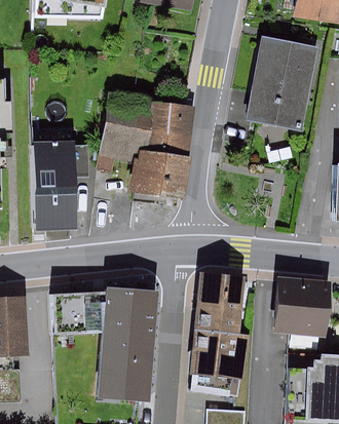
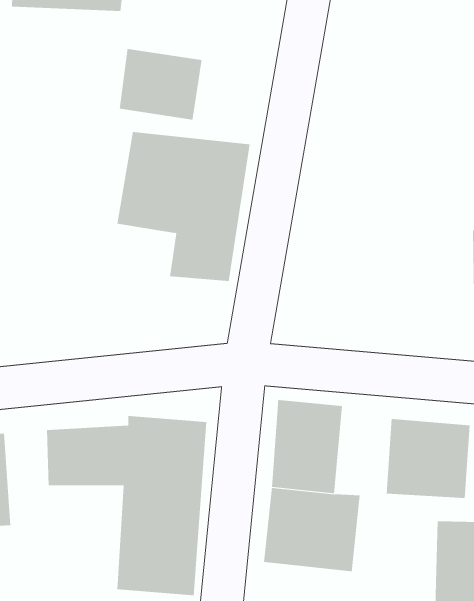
building: [250,37,312,127] -> none
building: none -> [119,48,202,120]
building: [35,142,75,228] -> none

